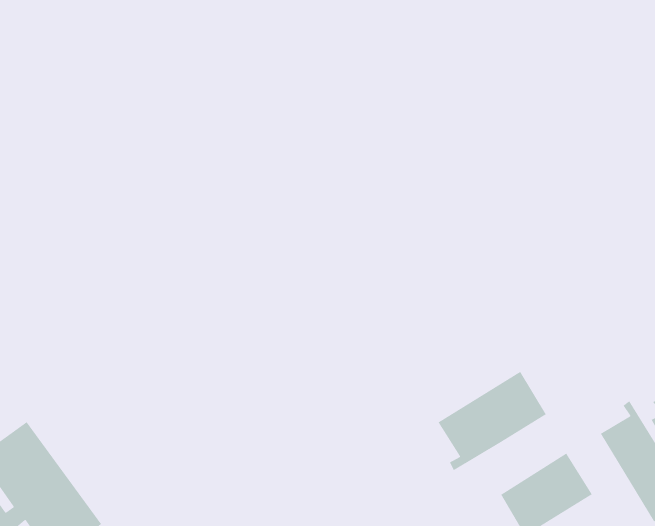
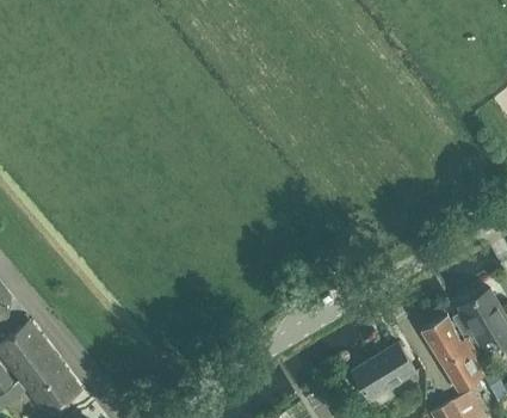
building: [437,371,547,471] -> none

